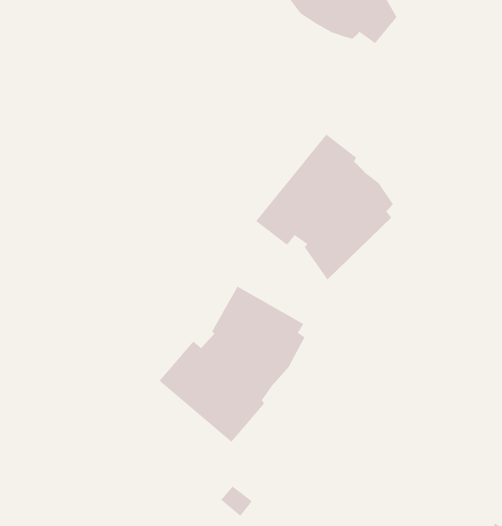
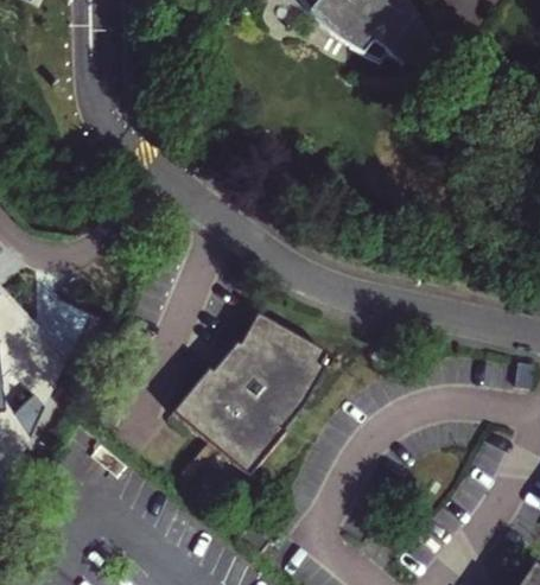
building: [255,133,394,281] -> none

